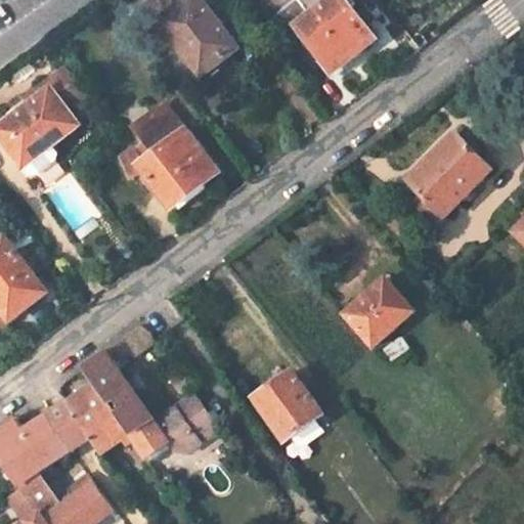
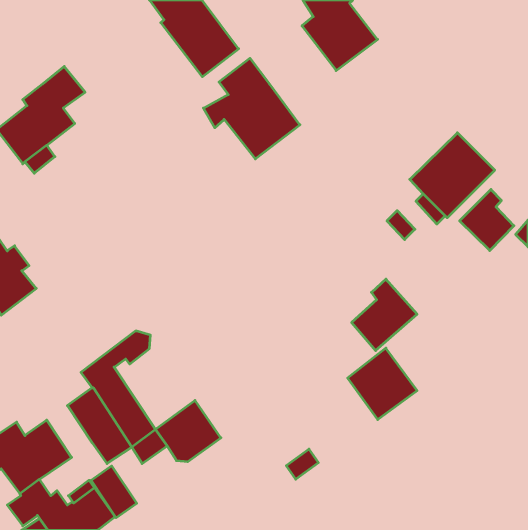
building: [119,107,214,207] -> [203,58,300,159]
building: none -> [460,189,514,251]
building: [252,369,320,440] -> [348,348,417,420]
building: [46,400,91,451] -> [91,466,137,518]

